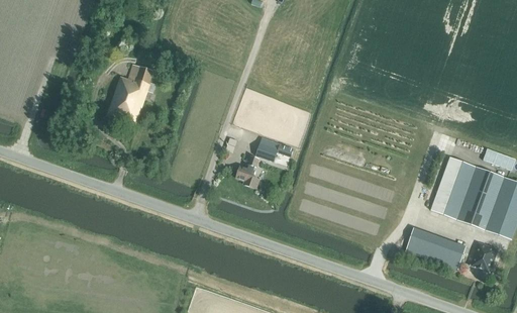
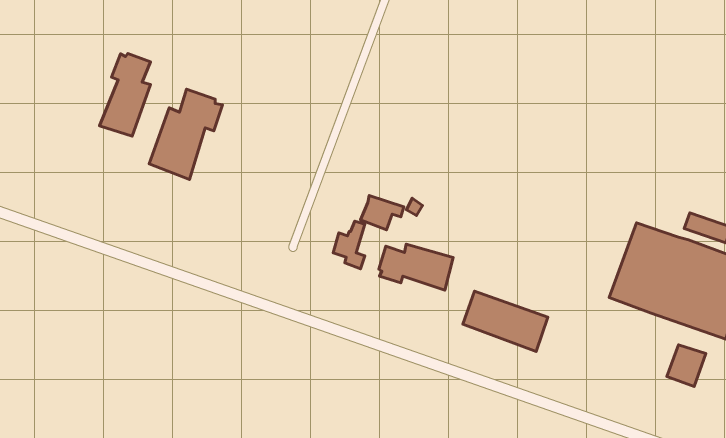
building: none -> [100,53,151,136]
building: none -> [379,244,453,290]
building: [406,227,466,270] -> [463,291,548,352]

